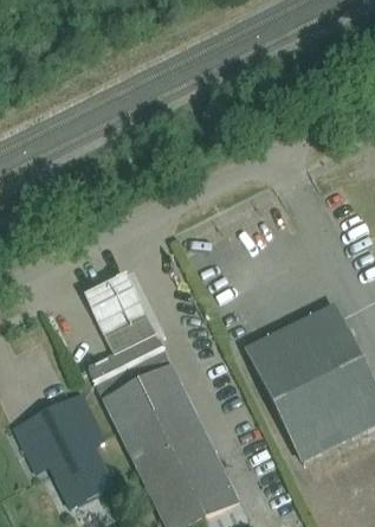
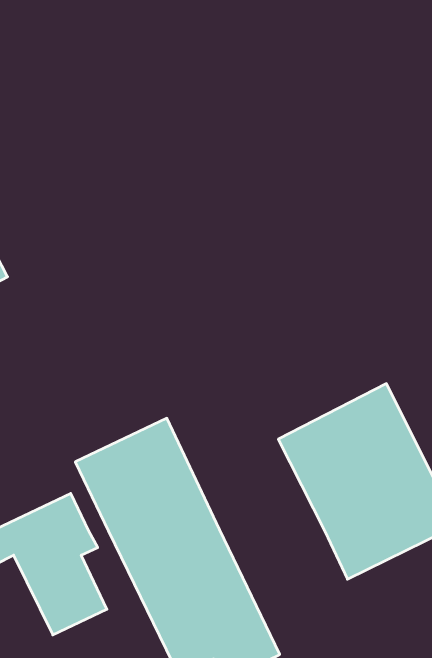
building: [82,275,156,355] -> none

